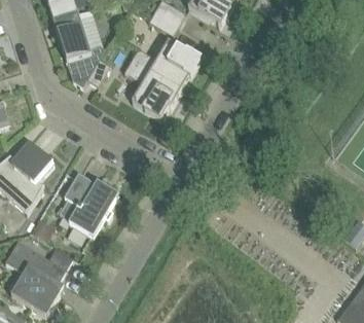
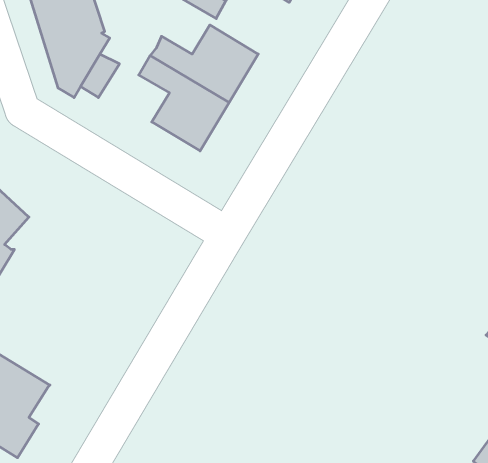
building: [59,173,118,236] -> none

